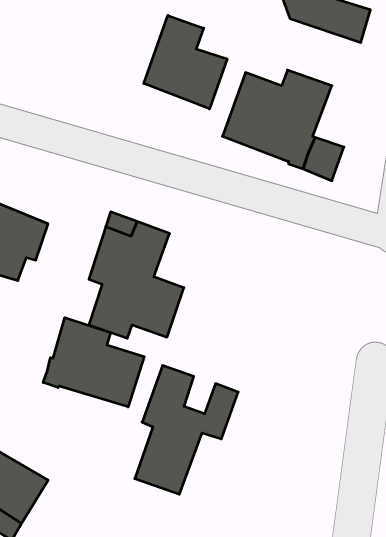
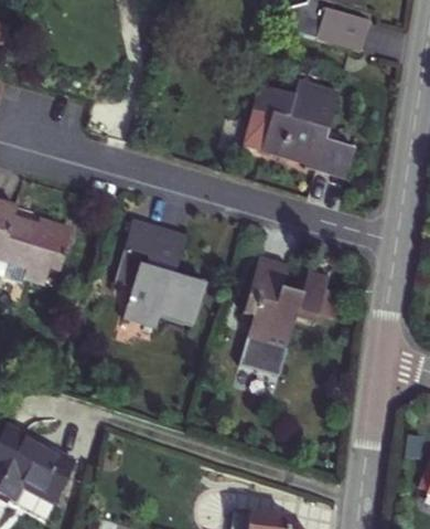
building: [144,15,227,109] -> none
building: [43,318,144,407] -> none
building: [135,366,238,494] -> [236,260,331,378]

